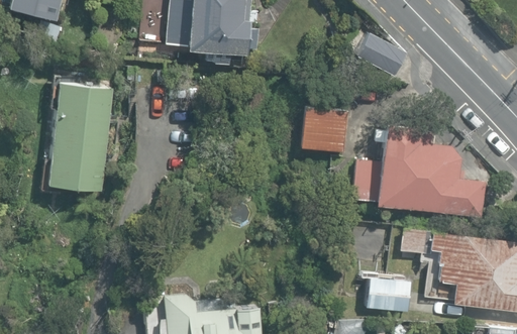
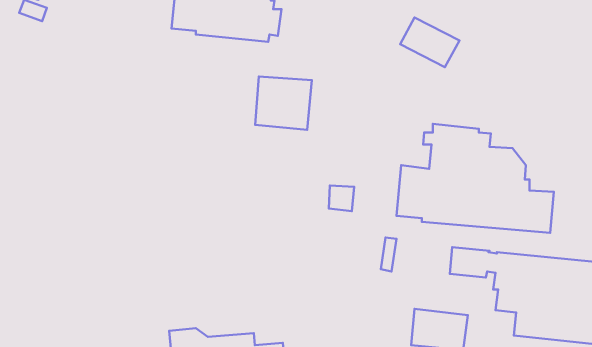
building: [46,83,112,191] -> none
building: [301,109,348,153] -> [255,77,312,130]

